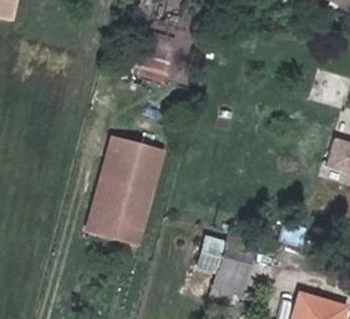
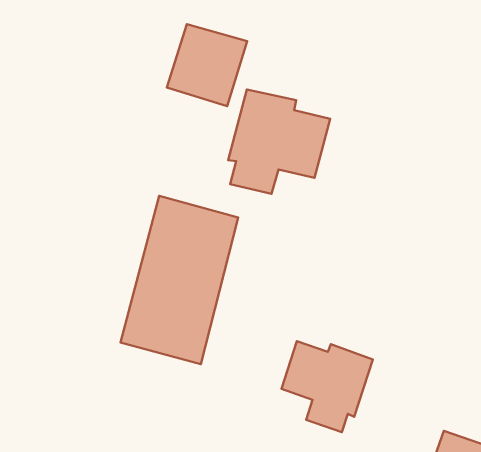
building: none -> [228,90,330,194]

